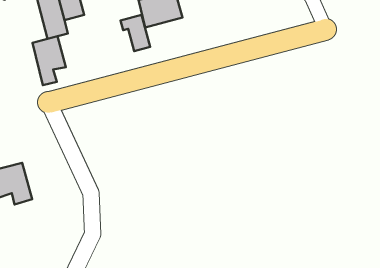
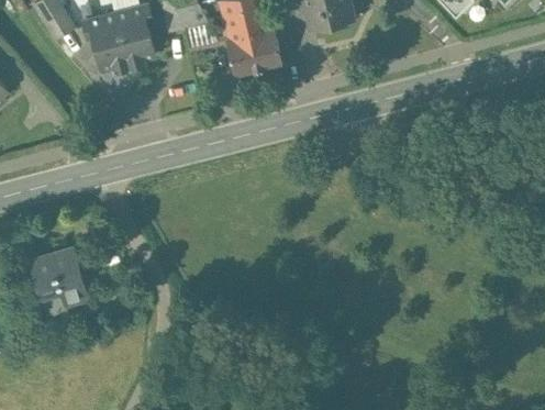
building: [121,15,150,51] -> none
building: [32,36,66,85] -> none

